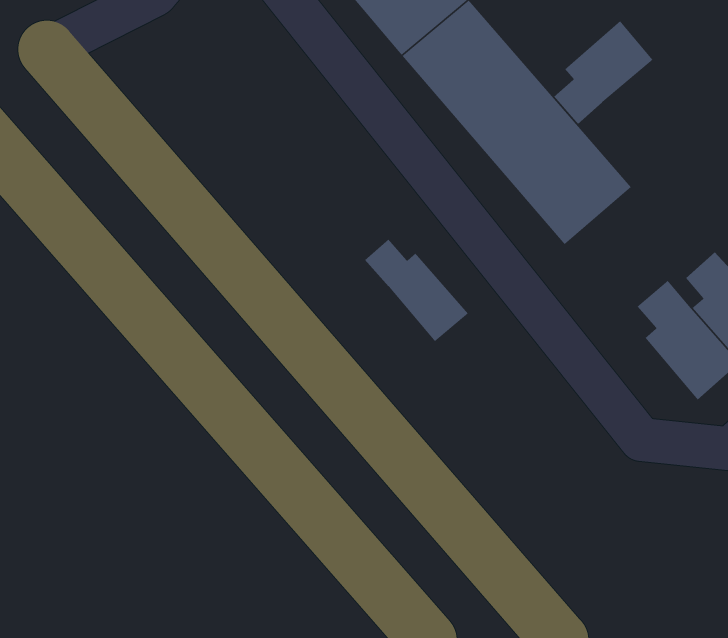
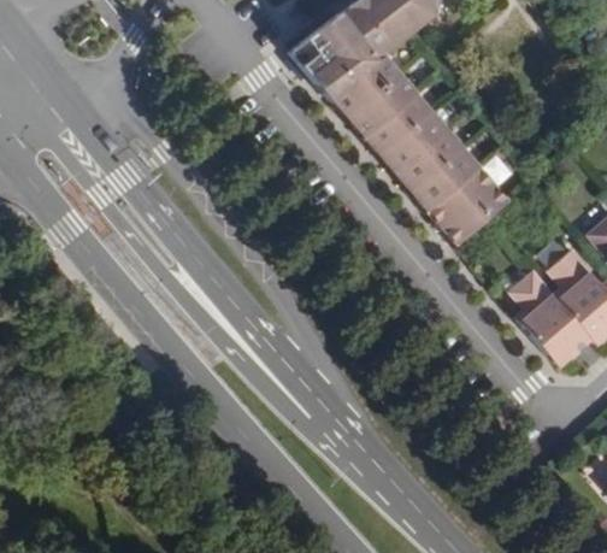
building: [553,20,653,125] -> none
building: [364,238,469,342] -> none

